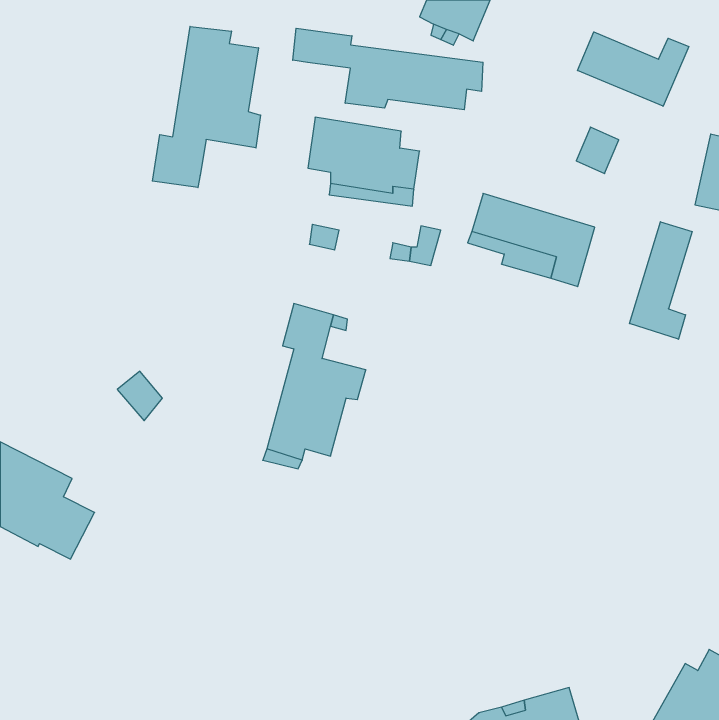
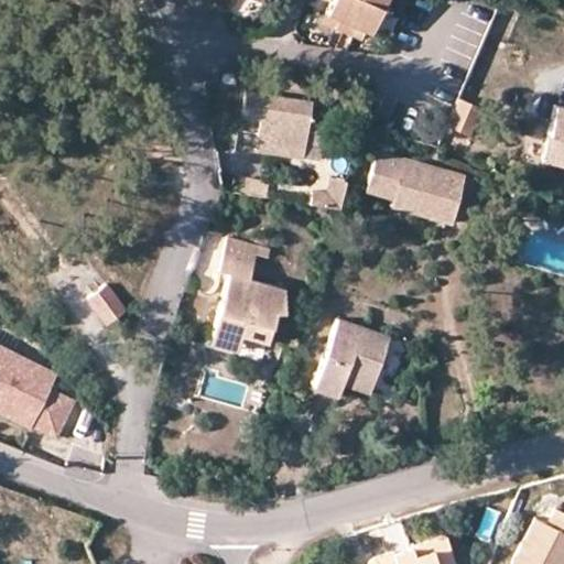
building: [152,26,261,188] -> none
building: [293,28,483,110] -> none
building: [578,32,689,106] -> none
building: [630,222,692,339] -> none
building: none -> [314,321,389,397]

